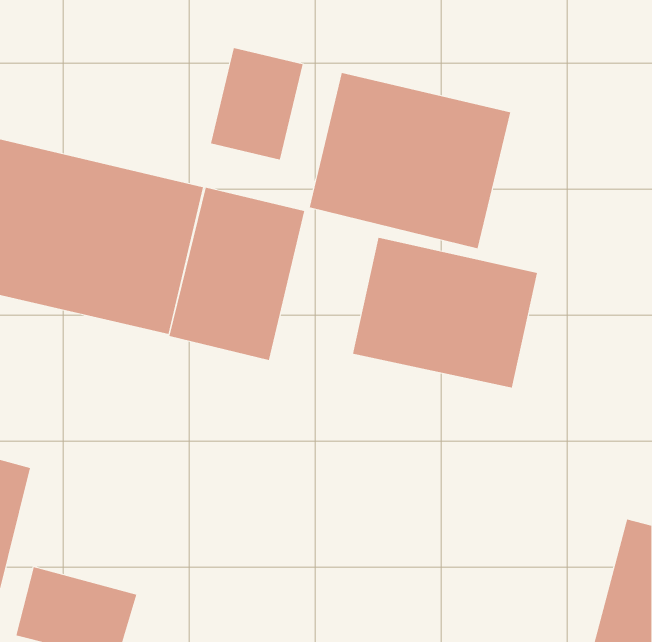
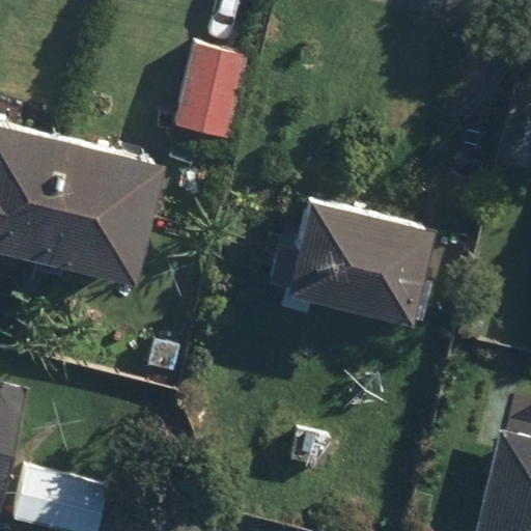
building: [309,72,511,249] -> none
building: [169,187,305,361] -> none

